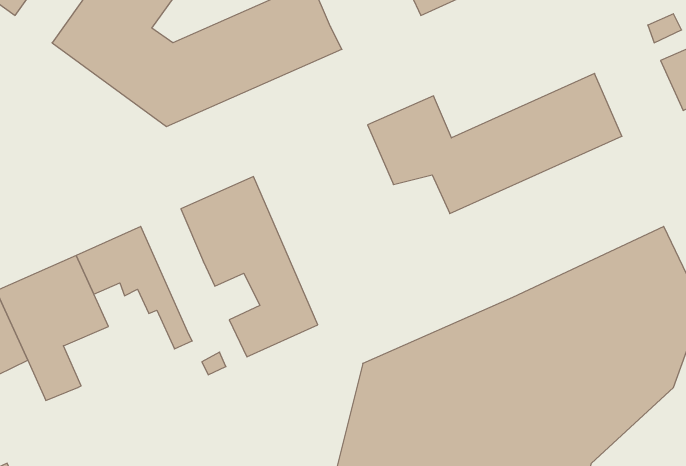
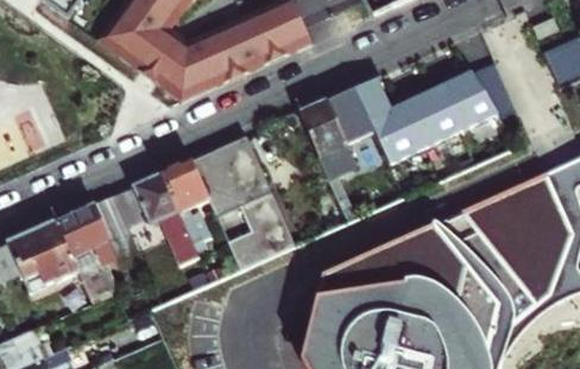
building: none -> [300,97,359,176]
building: none -> [162,159,210,252]

